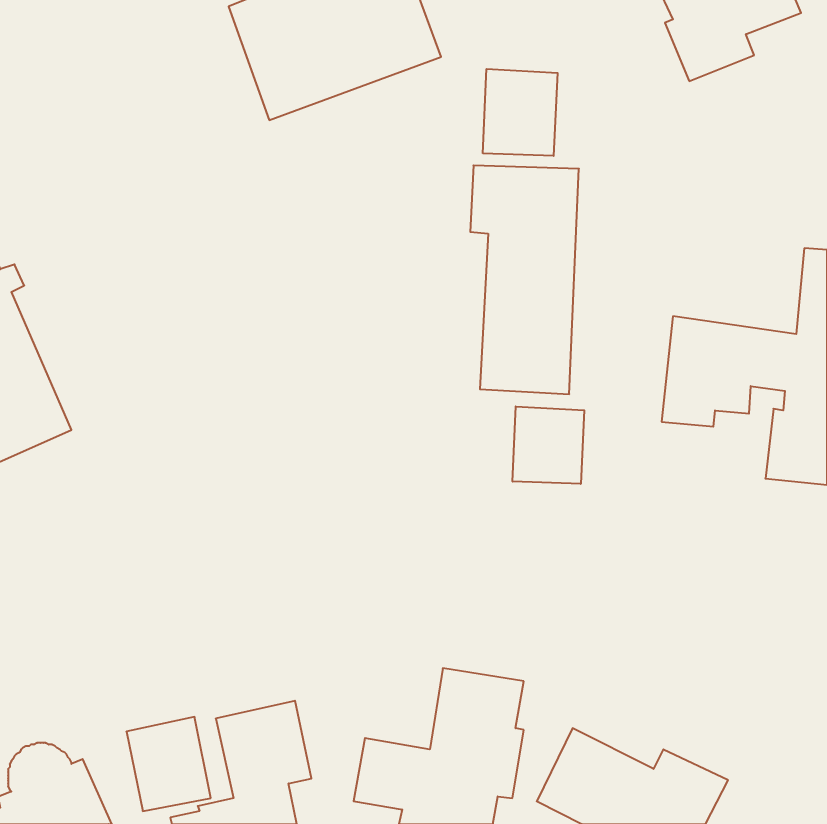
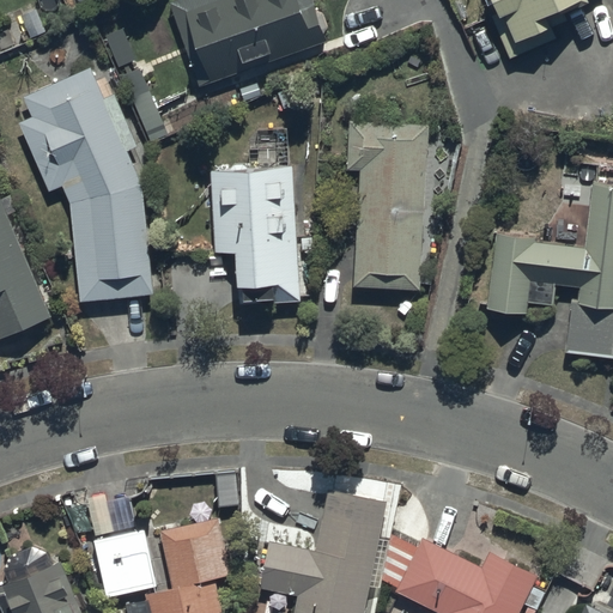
building: [483,69,558,156] -> none
building: none -> [19,67,153,302]
building: none -> [201,166,312,306]
building: [513,406,584,484] -> none

